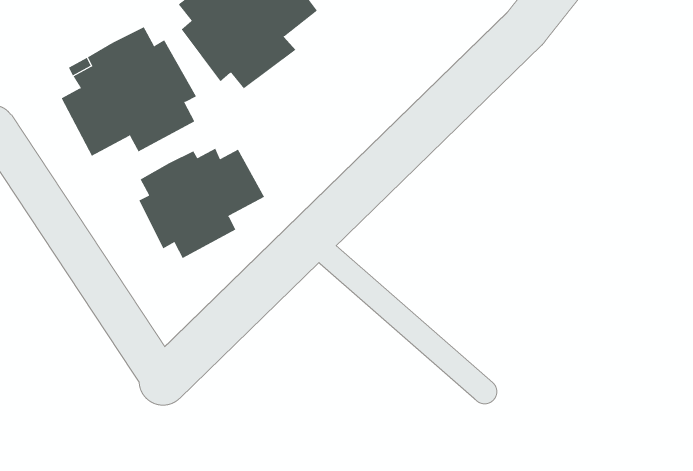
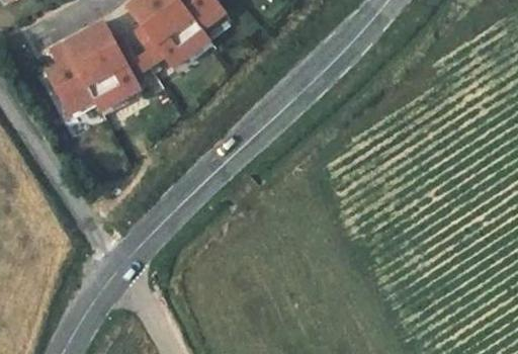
building: [138,148,265,259] -> none

